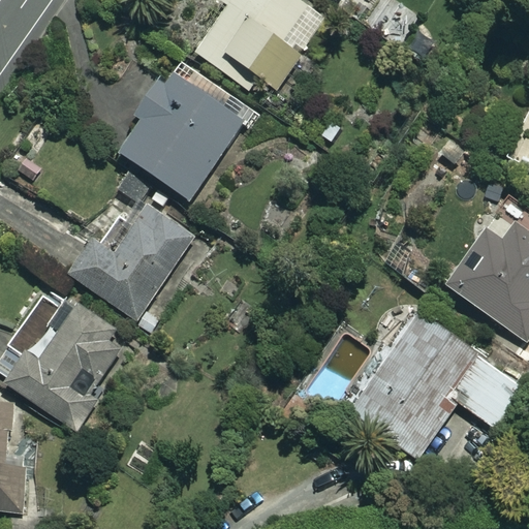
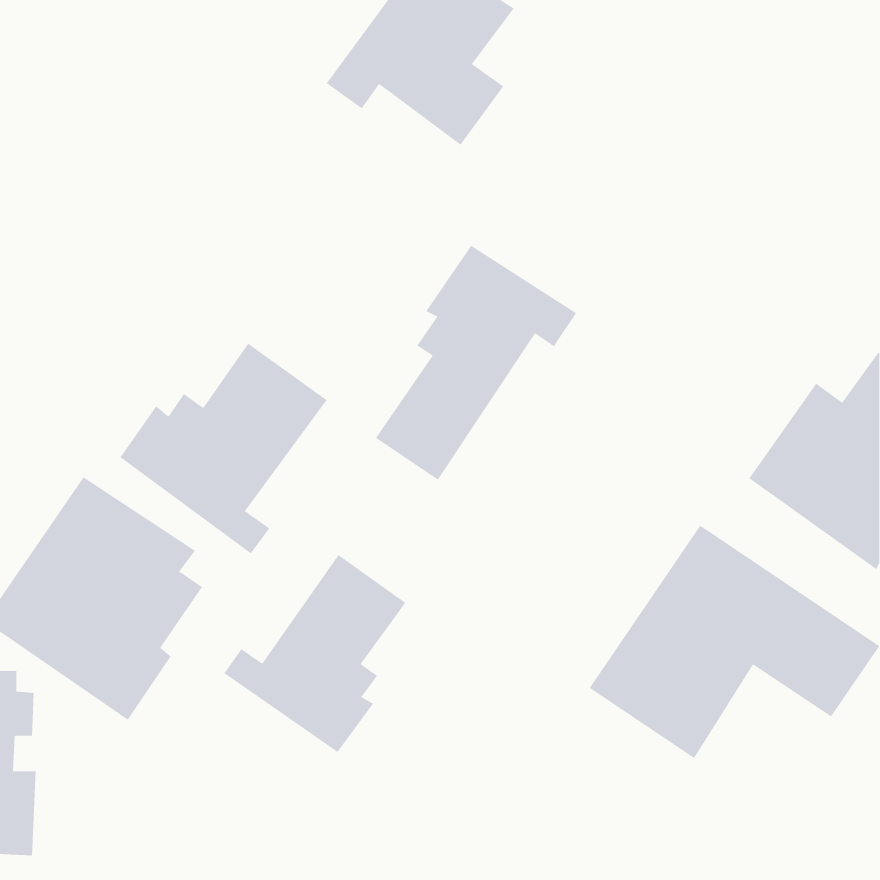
building: [120,68,243,197] -> none
building: none -> [375,245,577,480]
building: none -> [224,554,406,753]

